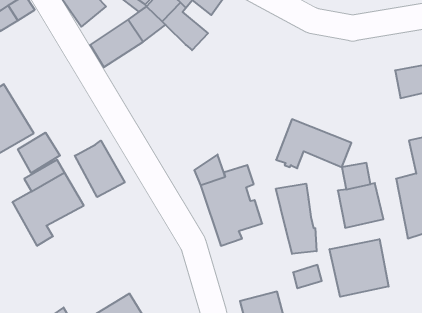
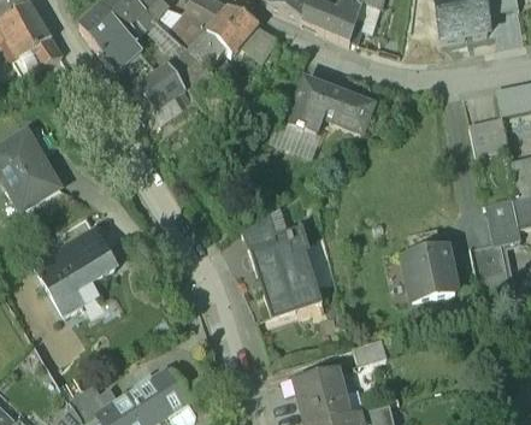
building: [276,119,351,168] -> [287,76,372,131]
building: [18,133,60,173] -> none
building: [75,141,125,197] -> none
building: [276,184,317,254] -> none
building: [330,239,389,297] -> none

